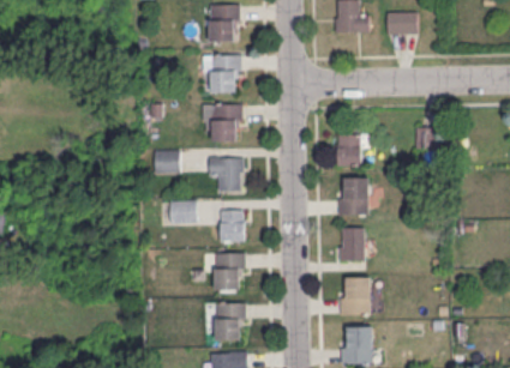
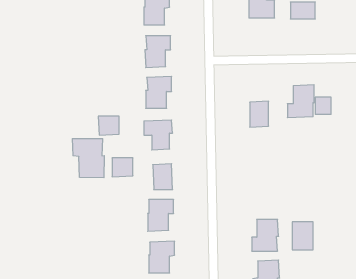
building: [337,176,370,216] -> [287,85,314,118]
building: none -> [72,139,104,178]
building: [340,229,365,263] -> [292,222,313,250]

